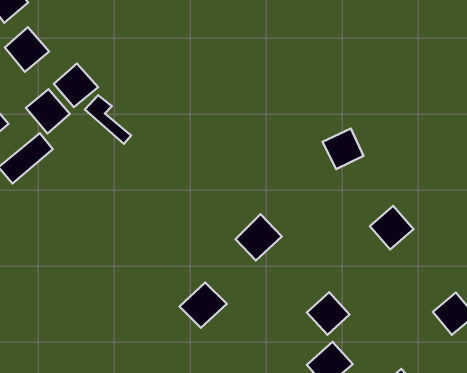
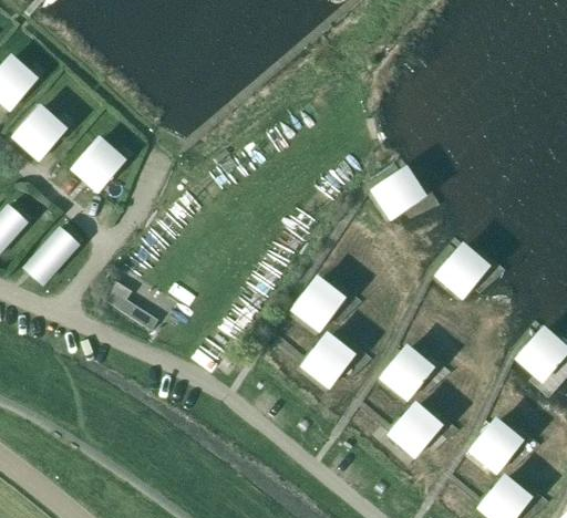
building: [26,89,70,133] -> none
building: [85,95,131,144] -> [101,279,155,328]
building: [179,282,227,328] -> [302,334,353,384]

